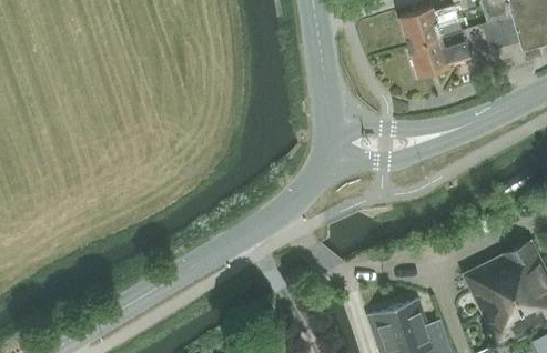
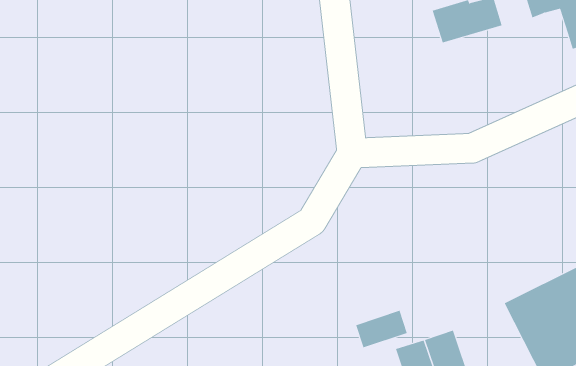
building: [482,17,520,49] -> none
building: [411,31,472,75] -> none
building: none -> [355,310,407,348]

